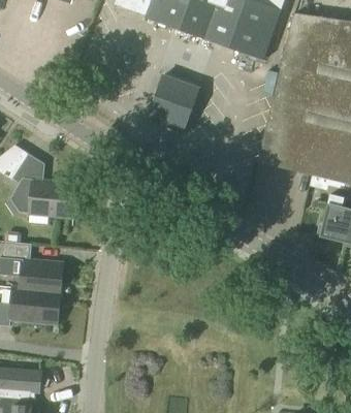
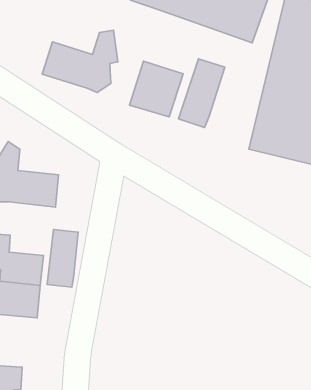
building: none -> [42,30,118,93]
building: none -> [178,59,225,127]
building: none -> [47,230,78,287]

